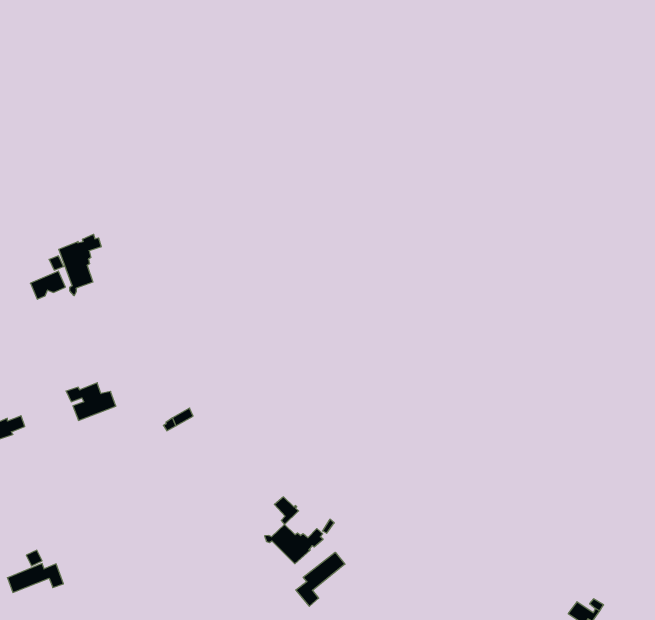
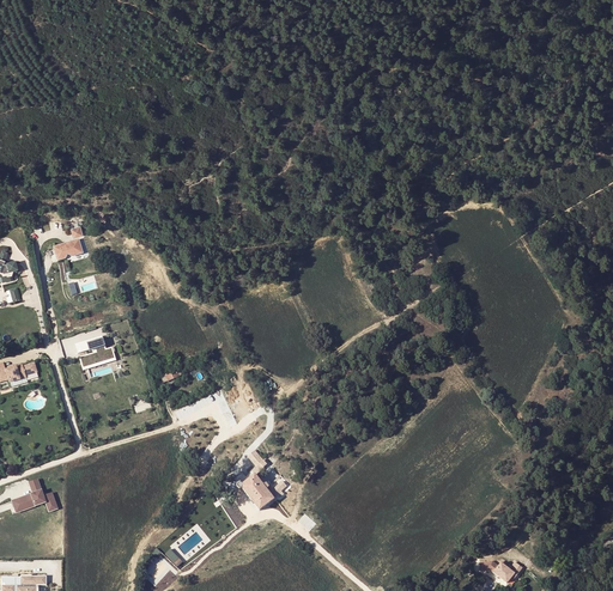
building: [59,234,101,296] -> none
building: [296,552,345,606] -> none

